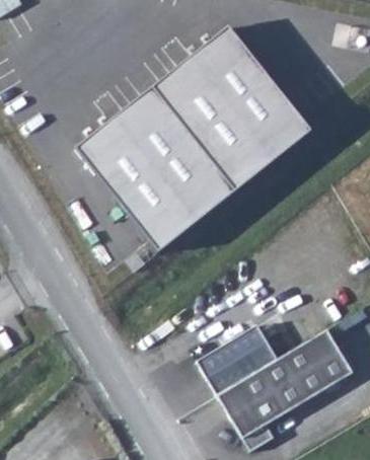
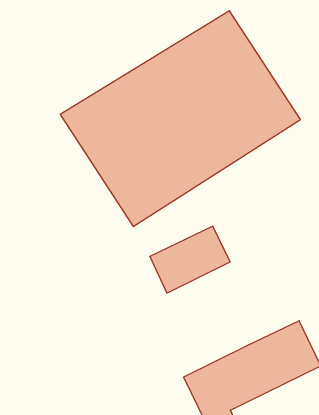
building: [197,326,278,397] -> [150,226,230,293]

